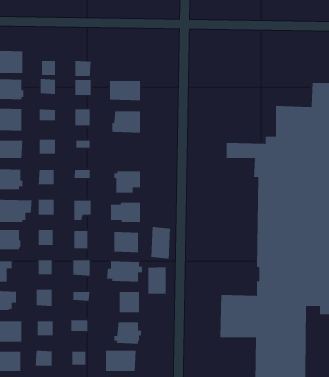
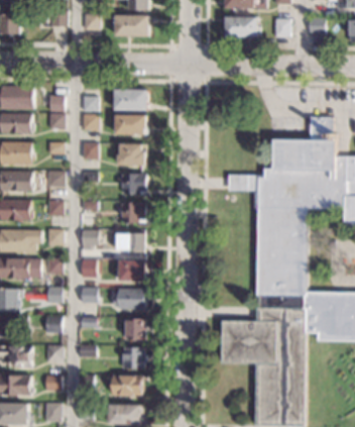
building: none -> [114,90,147,111]
building: none -> [120,173,145,194]
building: [150,226,171,259] -> none
building: [147,266,166,295] -> none

